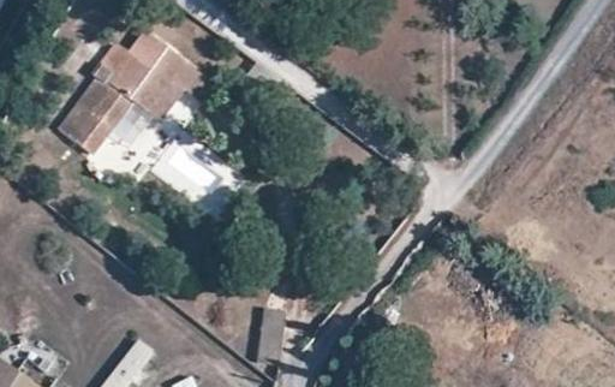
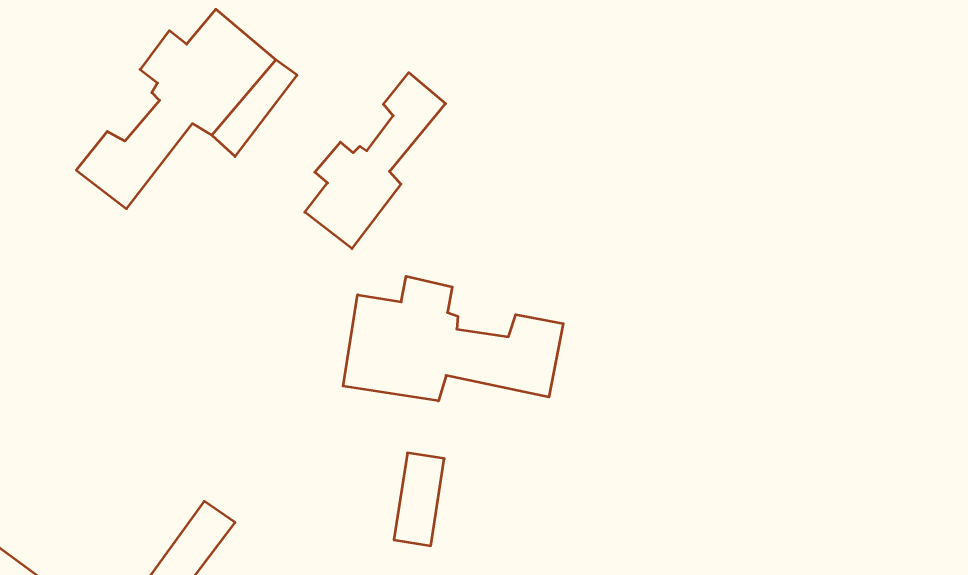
building: none -> [305,73,446,249]
building: none -> [343,276,563,401]

